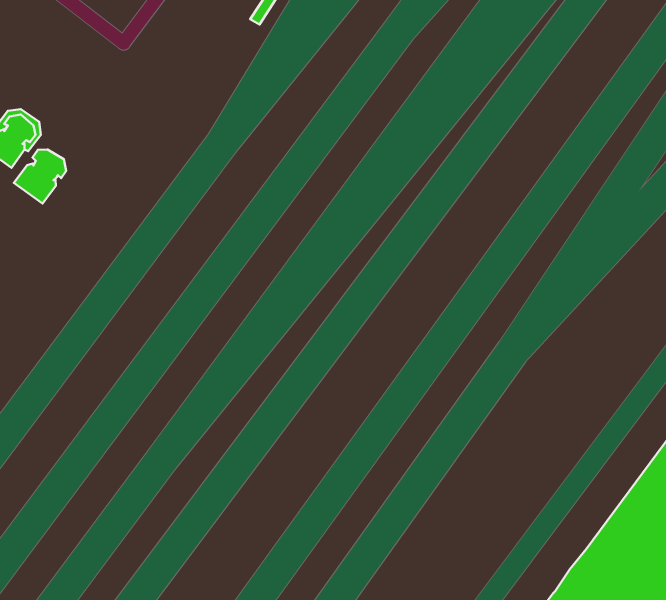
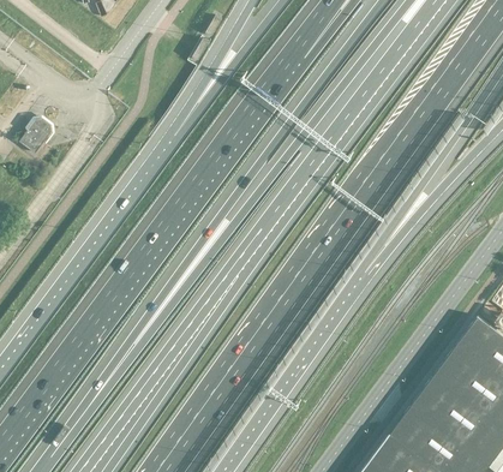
building: [14,149,66,204] -> none

